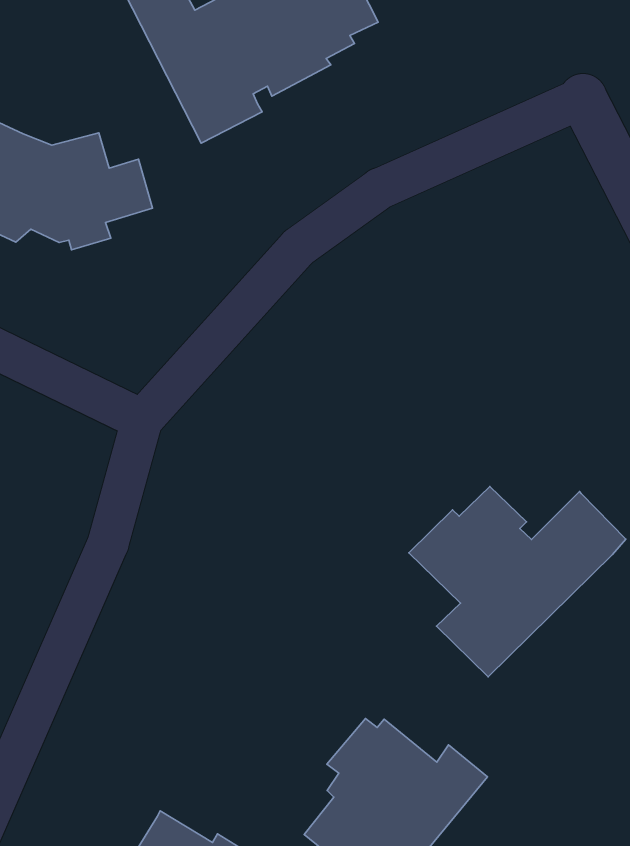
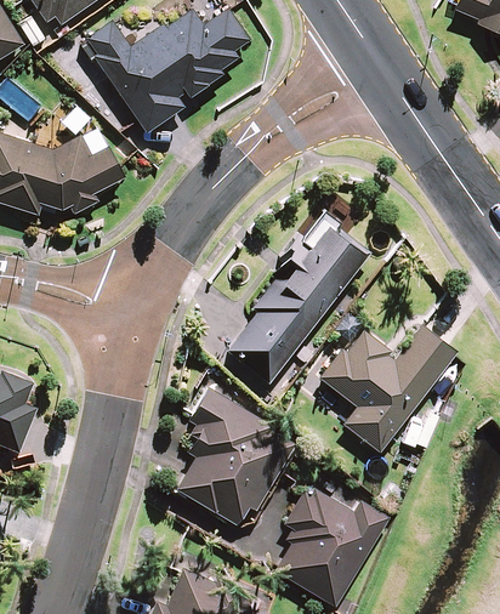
building: none -> [226,224,369,383]
building: none -> [175,386,294,524]

